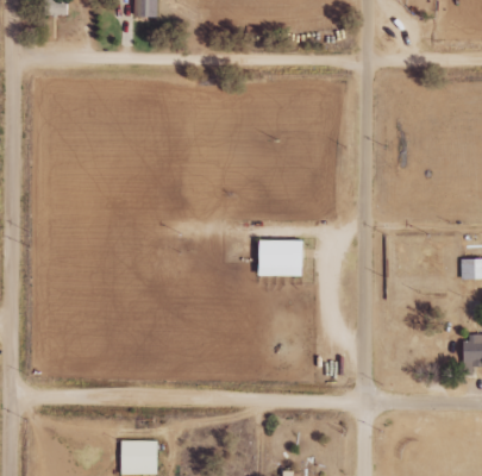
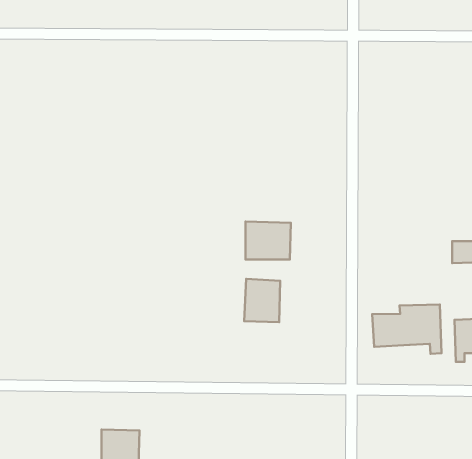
building: none -> [244,279,280,322]
building: none -> [372,304,441,354]

